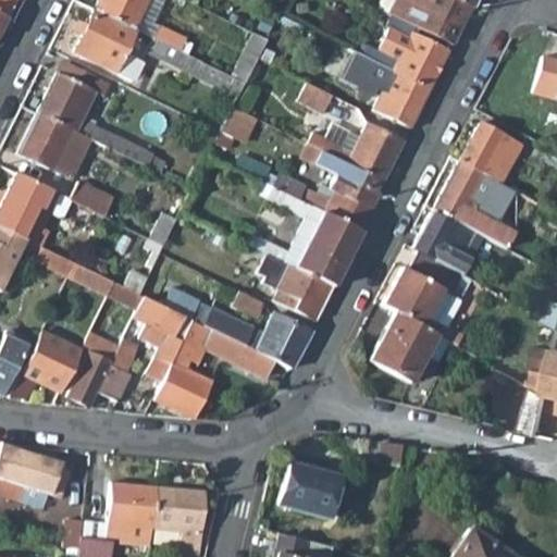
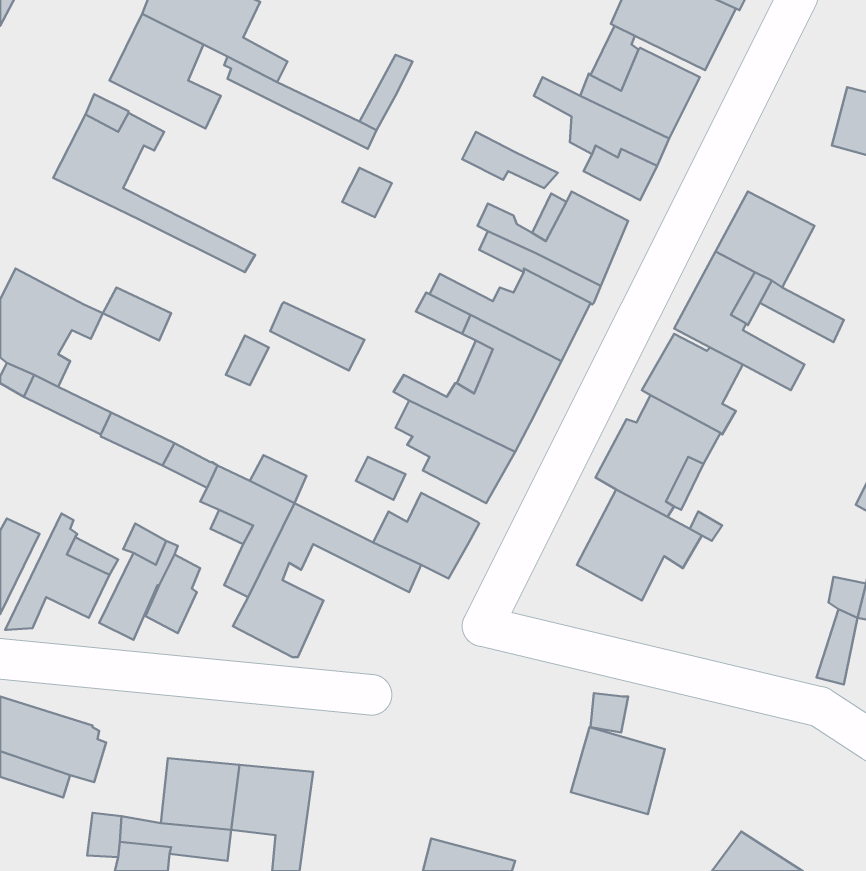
building: [20,113,94,180] -> none
building: [193,301,252,345] -> [270,302,364,370]
building: [280,462,339,518] -> [571,727,665,814]

